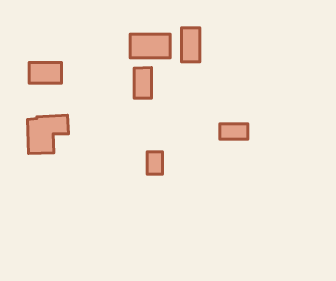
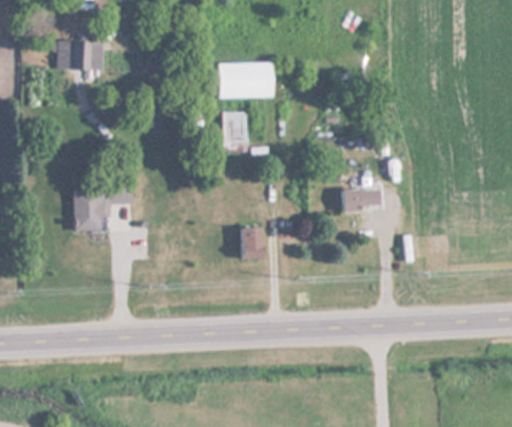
building: [181,28,200,62] -> none
building: [29,63,62,83] -> [56,41,101,69]

